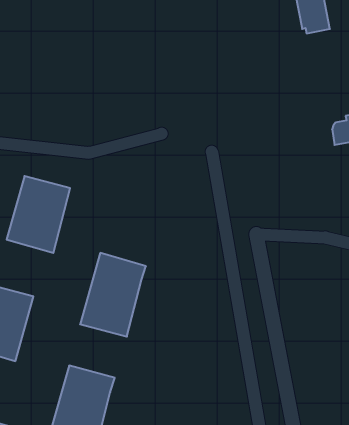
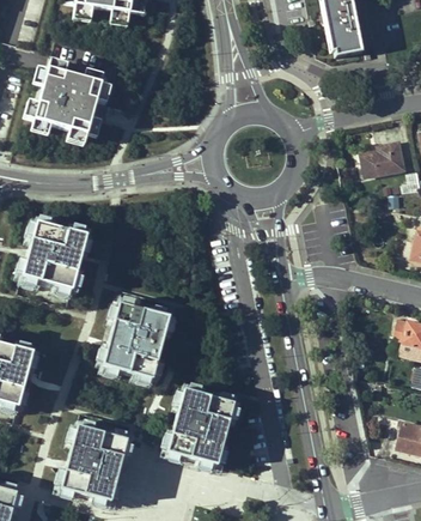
building: none -> [31,69,99,137]
building: none -> [167,380,238,468]

